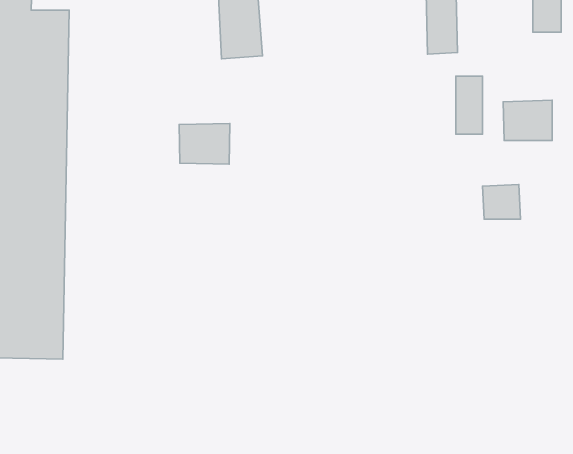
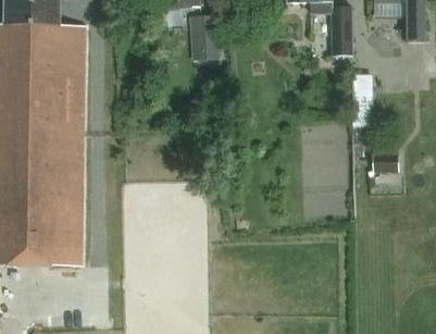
building: [503,100,552,140] -> none
building: [179,124,230,164] -> none

